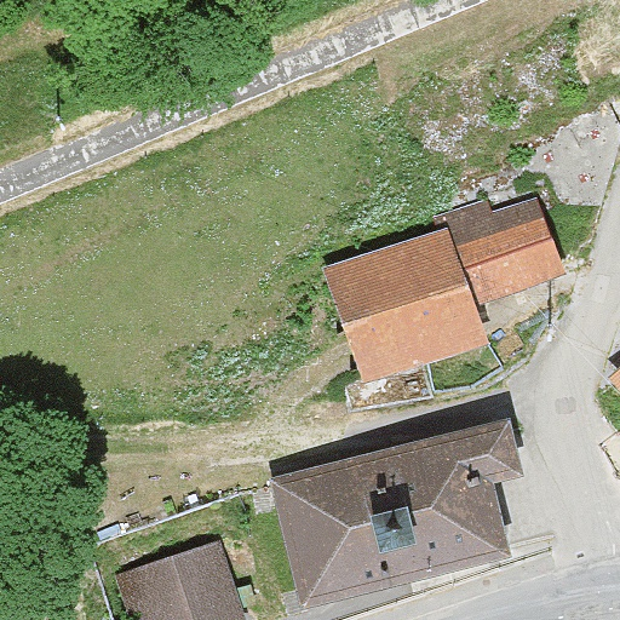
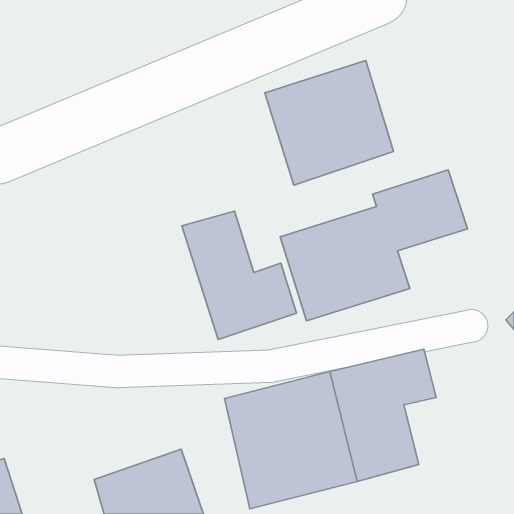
building: none -> [265,61,394,185]
building: none -> [182,211,297,339]

